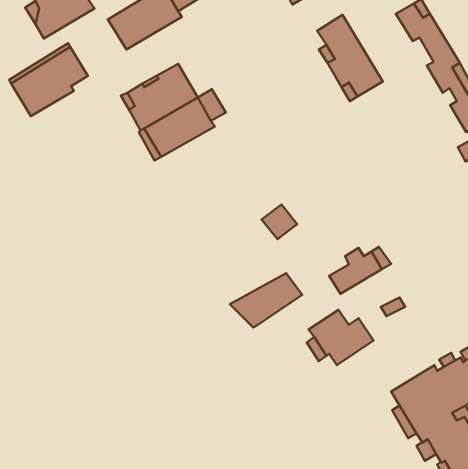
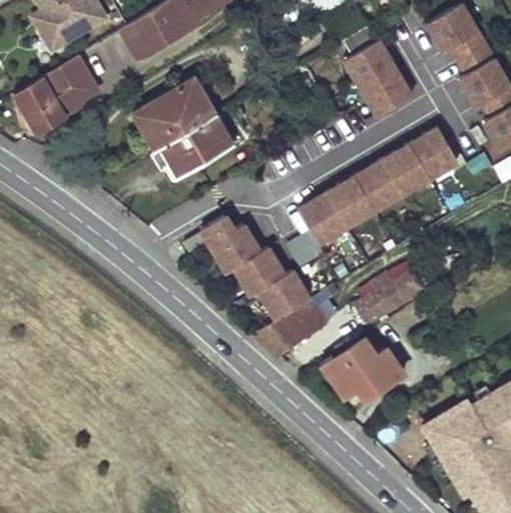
building: none -> [302,127,455,244]
building: none -> [202,214,311,320]

